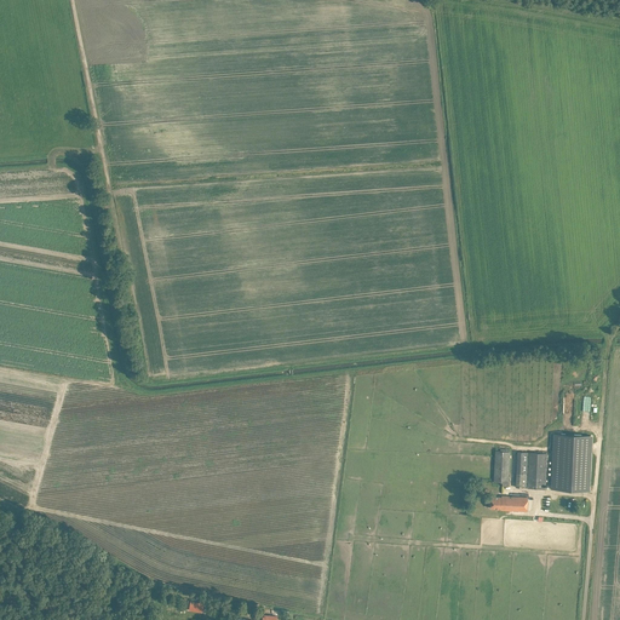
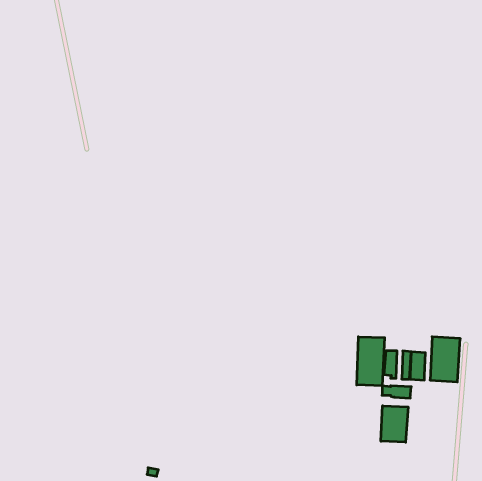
building: none -> [357,337,385,386]
building: none -> [381,406,408,442]

